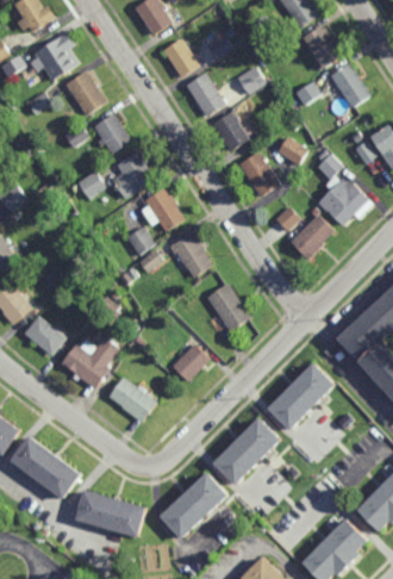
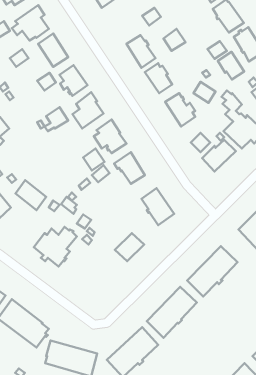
building: [162,38,199,79] -> none
building: none -> [218,52,244,79]
building: [24,313,66,354] -> [15,180,46,210]
building: [107,374,156,422] -> none

